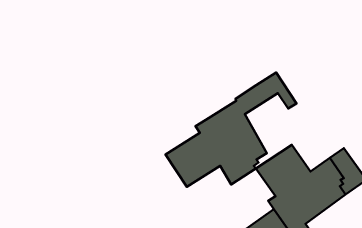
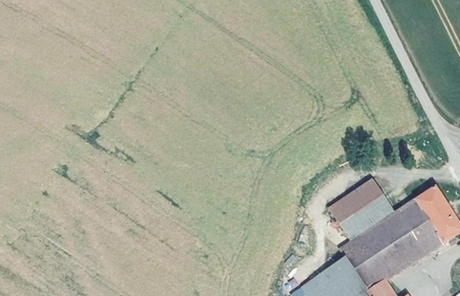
building: [165,72,296,187] -> none

